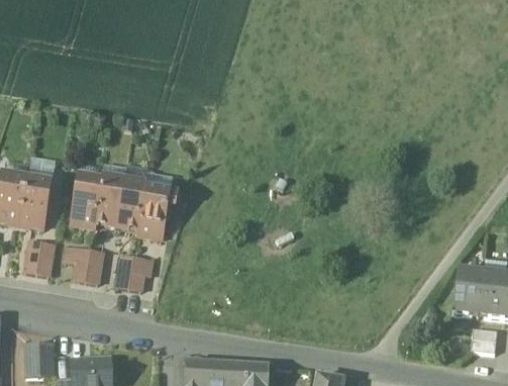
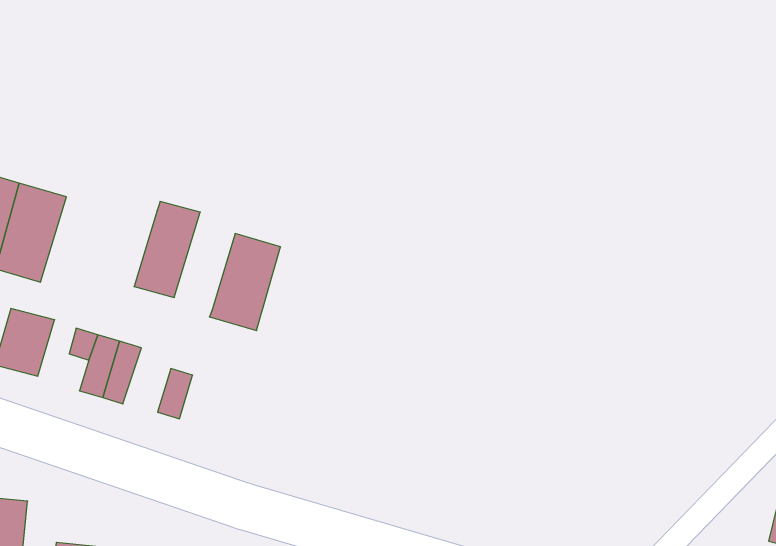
building: [70,173,102,224] -> none
building: [117,176,146,227] -> none
building: [128,256,151,290] -> none

